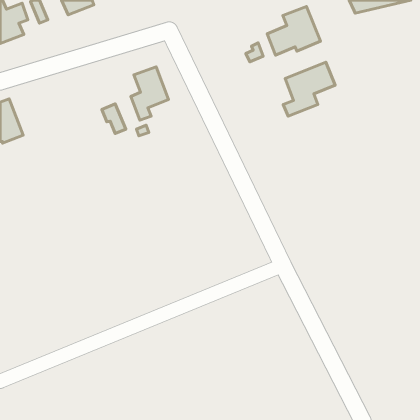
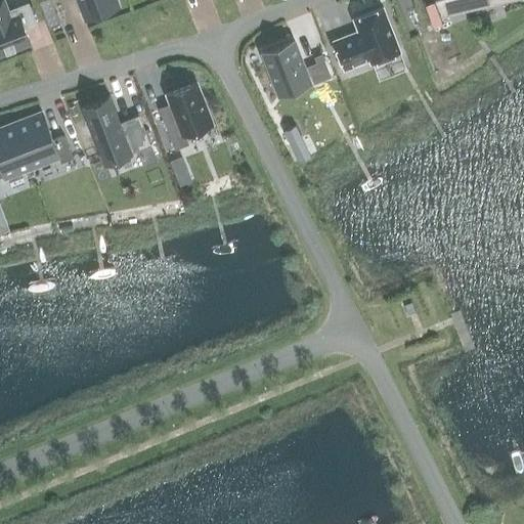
building: none -> [262,42,309,96]
building: [283,62,335,116] -> none
building: none -> [81,99,131,165]
building: none -> [11,113,73,169]

